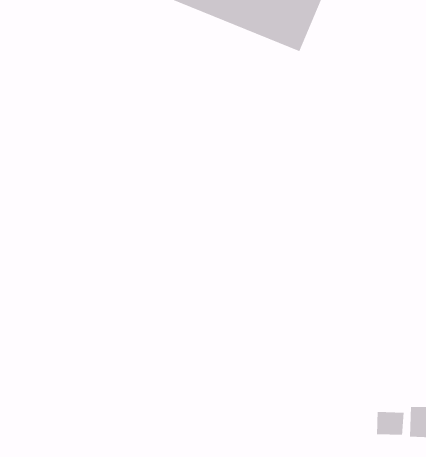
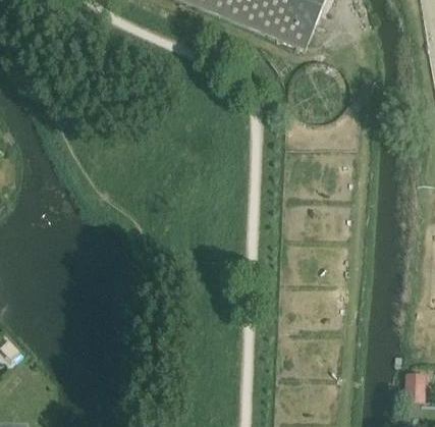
building: [376,411,404,436] -> none

